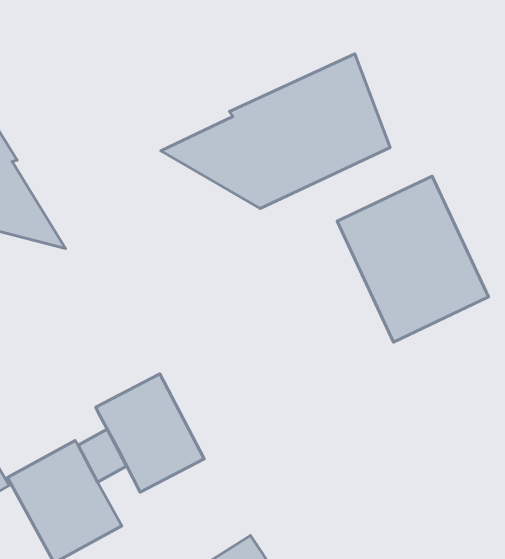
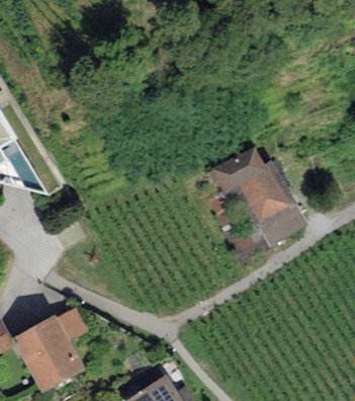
building: [161,54,390,209] -> none
building: [96,374,204,492] -> none

